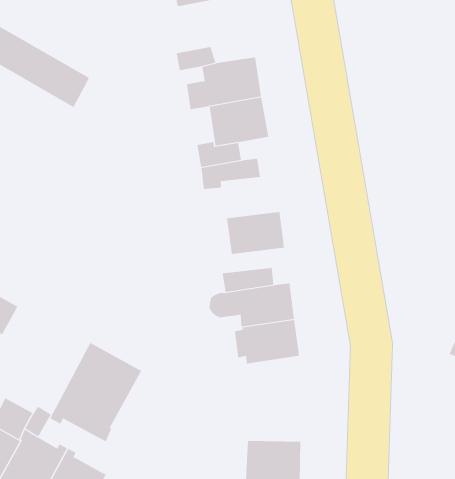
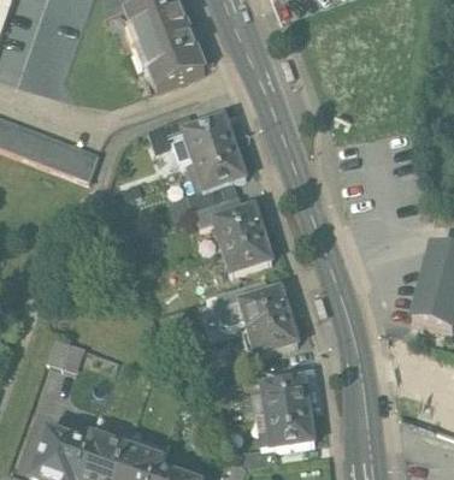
building: none -> [213,205,263,244]
building: [49,342,142,442] -> none
building: none -> [261,377,308,414]

